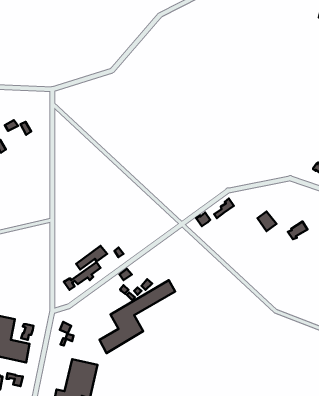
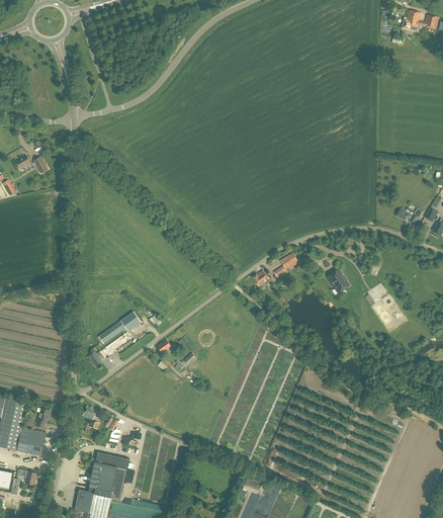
building: [100,280,175,353] -> none

